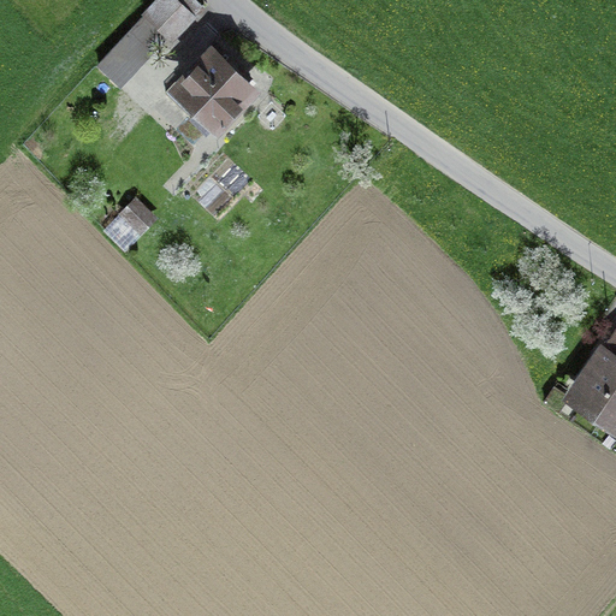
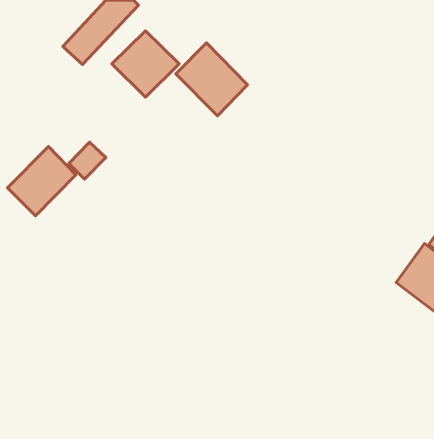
building: none -> [176,43,248,116]
building: none -> [8,147,76,216]

